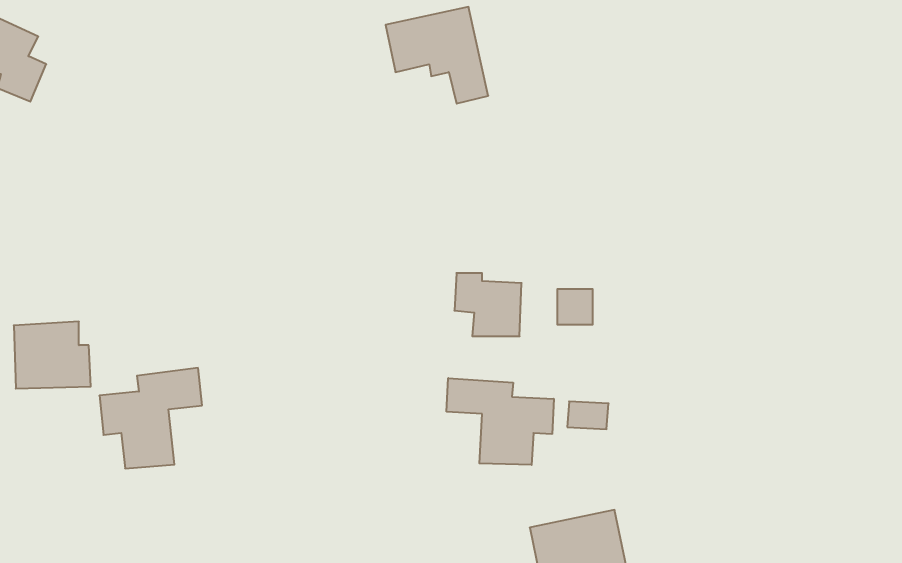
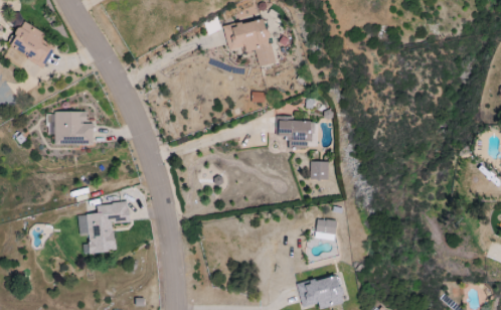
building: [454,273,522,336] -> [279,116,313,148]
building: [14,322,91,389] -> [54,110,94,144]
building: [447,378,554,465] -> none

